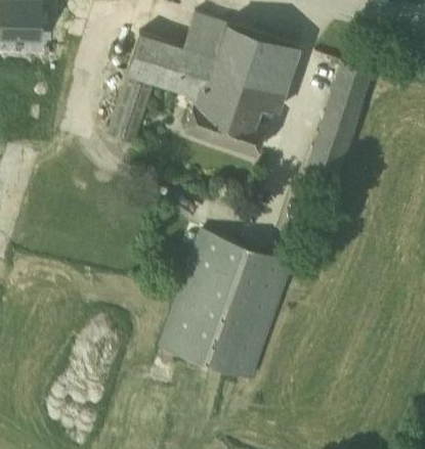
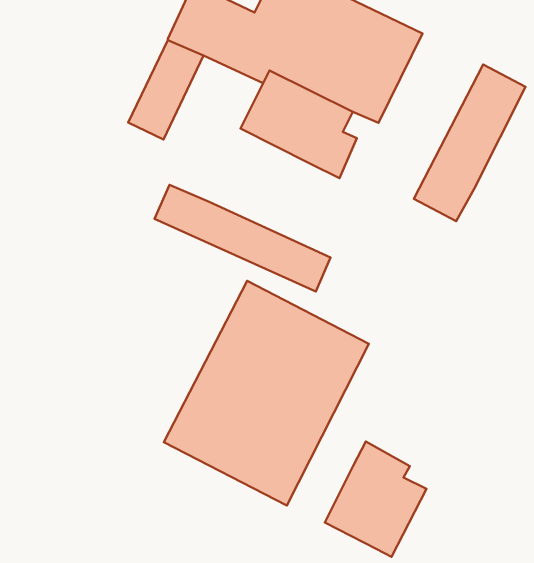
building: none -> [155,185,331,291]
building: none -> [325,442,426,557]

